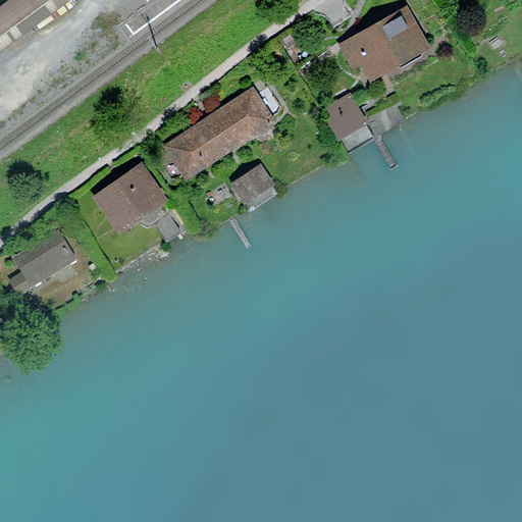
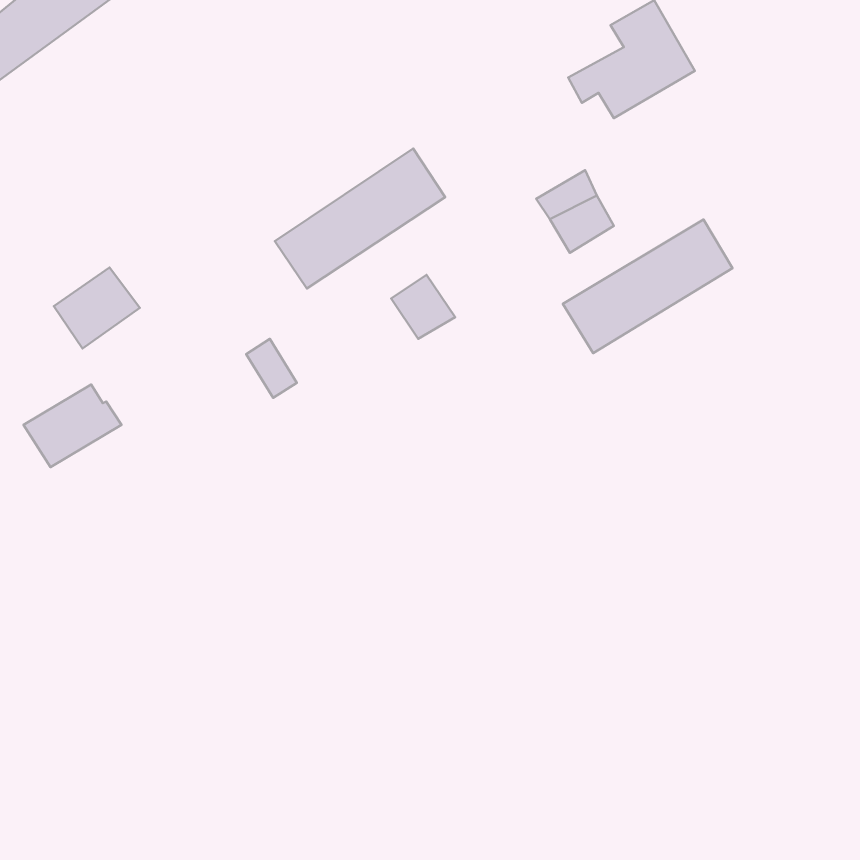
building: none -> [563,219,732,353]
building: [102,171,154,220] -> [54,267,140,348]

